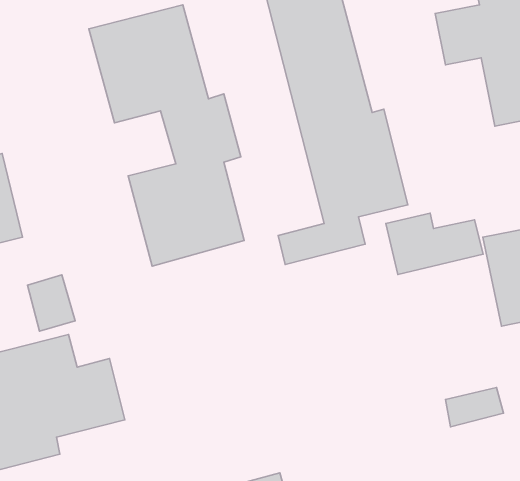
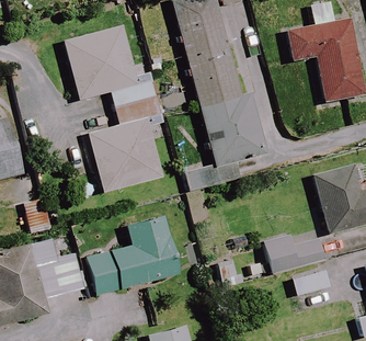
building: [386,213,483,275] -> [263,234,325,273]
building: none -> [85,214,183,296]

